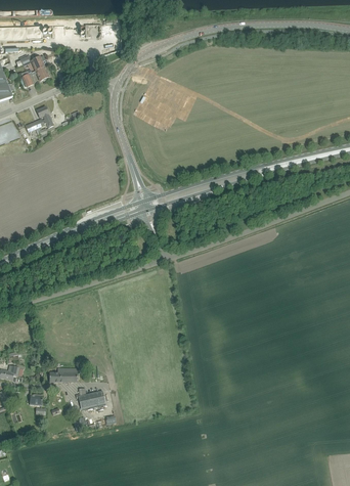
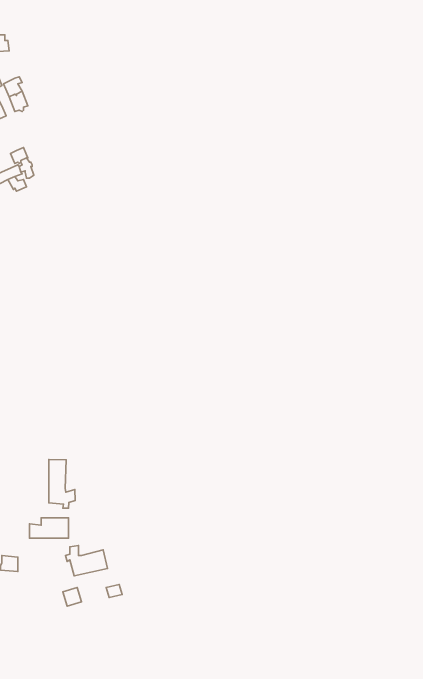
building: none -> [49,460,75,508]

